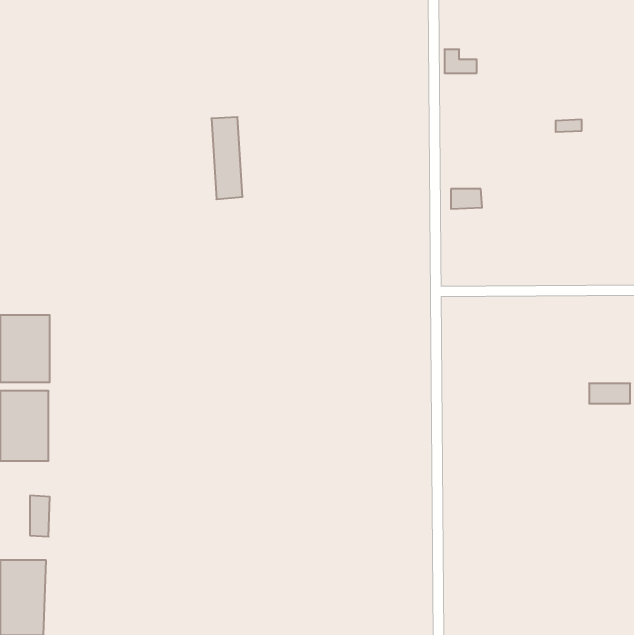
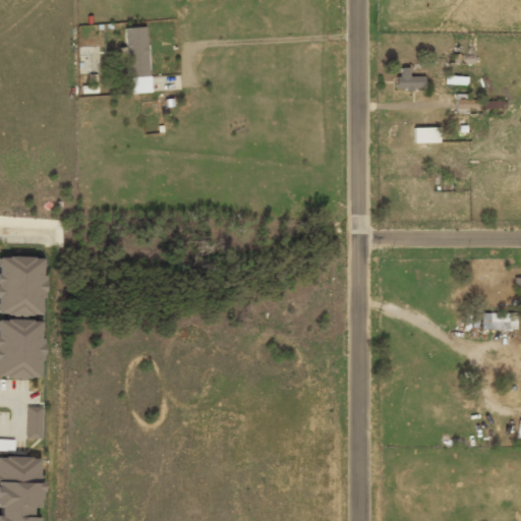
building: [444,49,477,73] -> [399,68,425,88]
building: [211,117,243,199] -> [126,27,152,95]
building: [451,189,482,209] -> [415,127,441,143]

